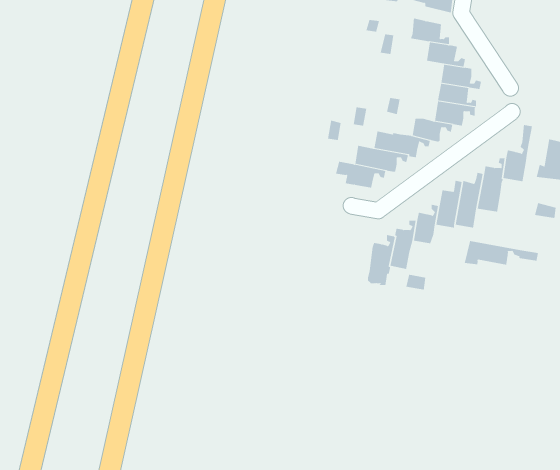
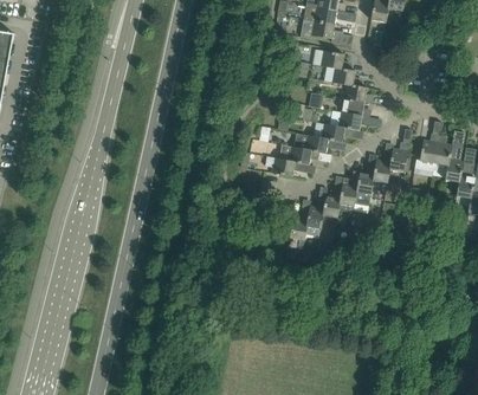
building: [464,240,539,265] -> none

